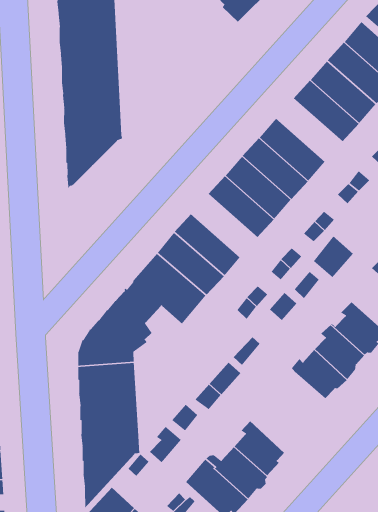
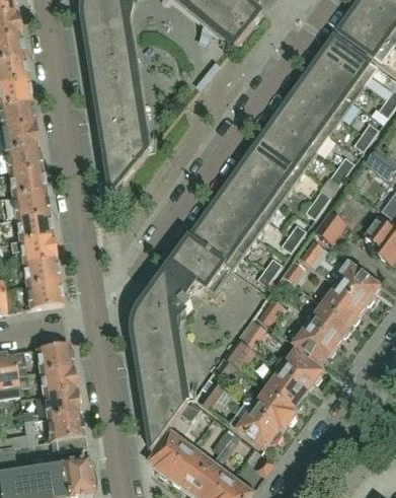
building: none -> [273,102,329,151]
building: none -> [213,187,268,235]
building: none -> [291,324,336,363]
building: none -> [278,350,322,389]

